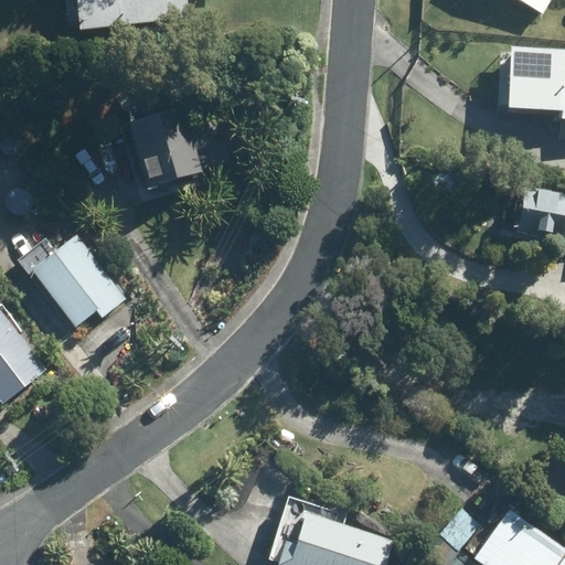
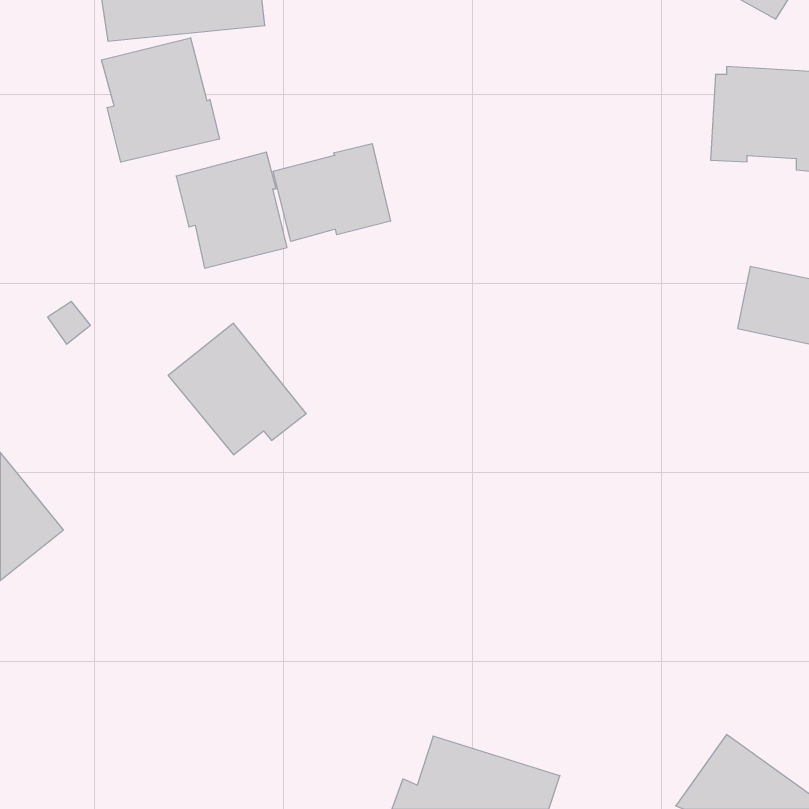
building: none -> [101,38,219,162]
building: none -> [273,144,390,241]
building: [29,235,125,327] -> [168,323,306,455]

